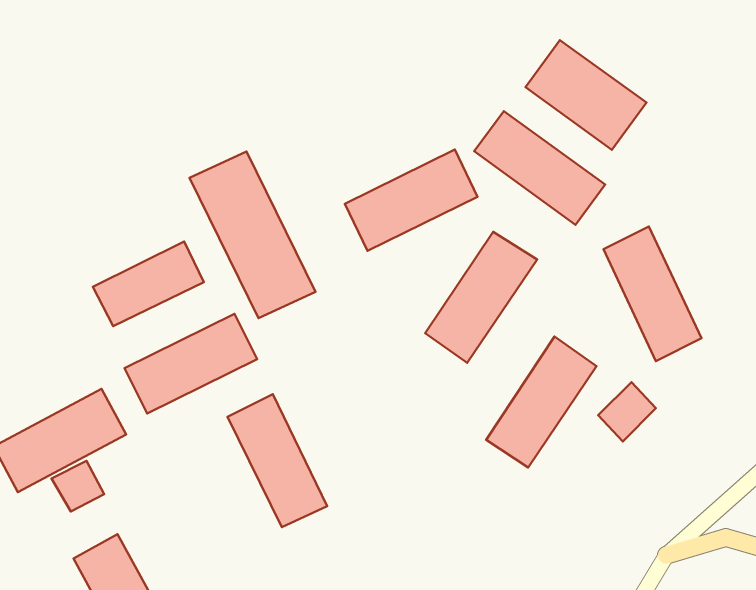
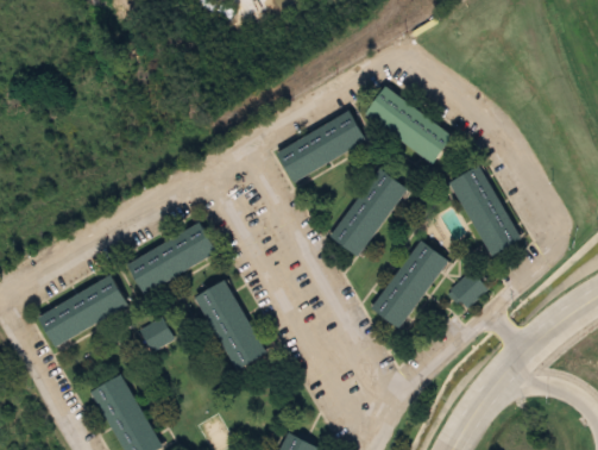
building: [525,40,646,150] -> none
building: [189,152,315,318] -> none
building: [93,242,204,326] -> none
building: [52,461,104,512] -> [138,318,174,352]

